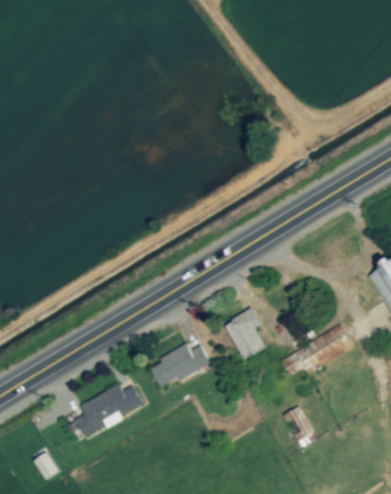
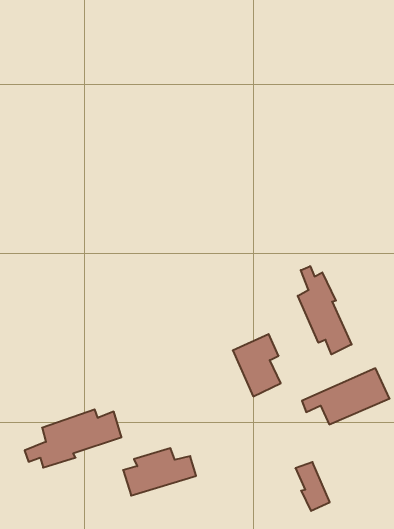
building: none -> [298,266,352,354]
building: [149,345,208,386] -> [123,448,196,496]

